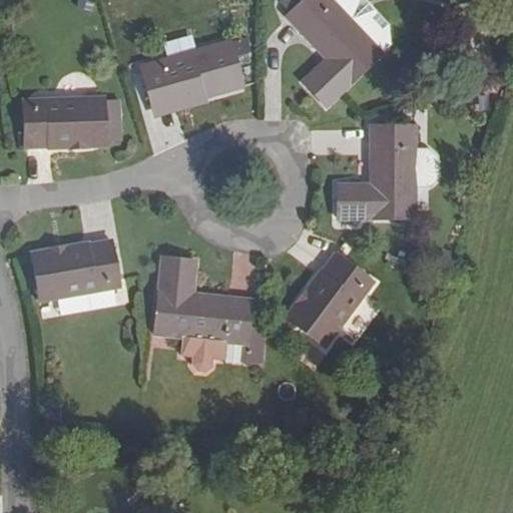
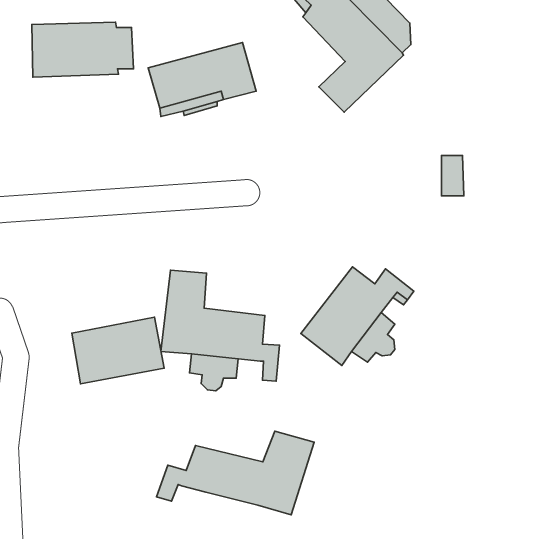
building: [22,96,118,148] -> [32,22,133,77]
building: [337,124,415,217] -> none
building: [31,237,118,301] -> [72,317,164,384]
building: none -> [156,431,314,515]

